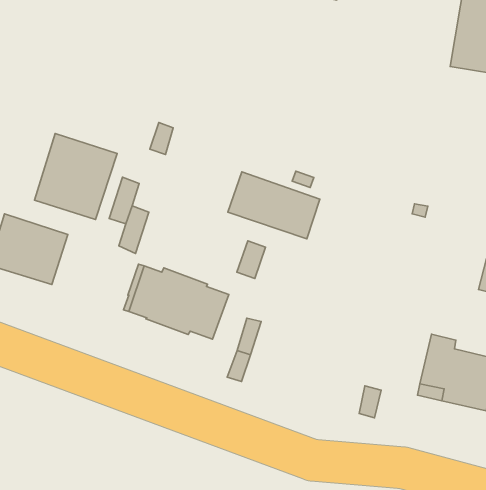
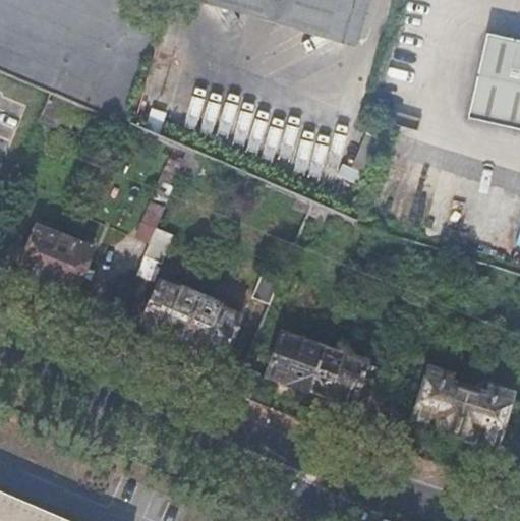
building: [35,134,117,219] -> none
building: [228,172,320,239] -> none
building: none -> [270,331,365,400]

